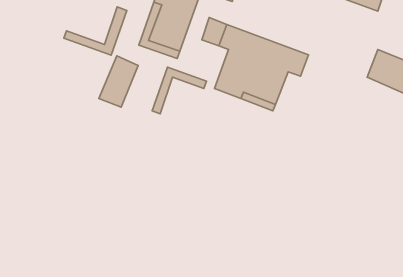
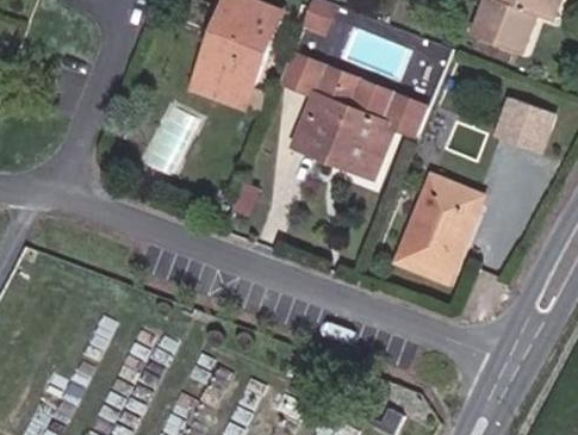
building: [64,7,127,55] -> none
building: [152,67,206,114] -> none
building: none -> [396,169,490,287]

